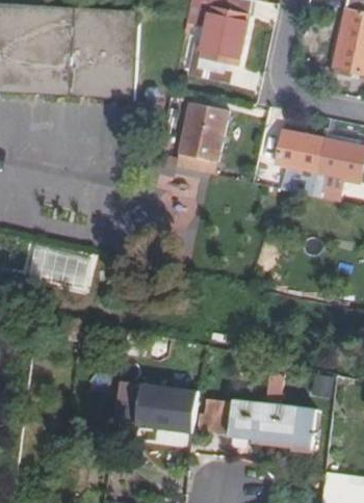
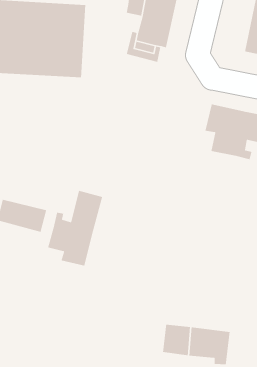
building: [173,100,226,170] -> none
building: none -> [47,190,103,266]
building: [113,385,198,433] -> none
building: [202,401,229,436] -> none

